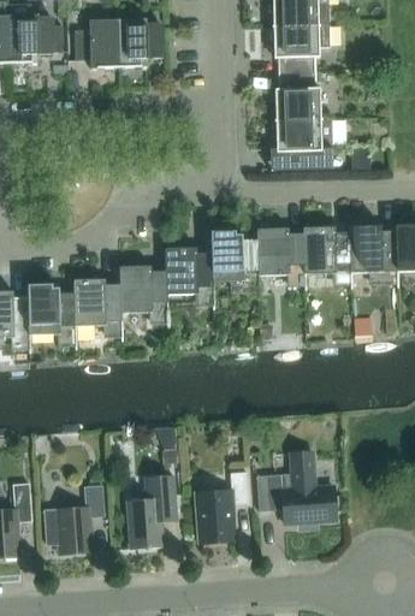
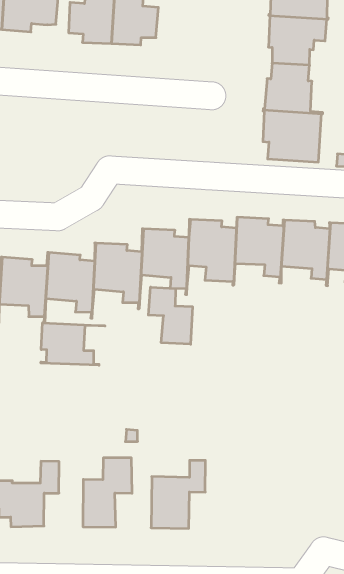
building: none -> [148,287,192,344]
building: none -> [41,323,105,365]
building: [255,450,336,529] -> none

